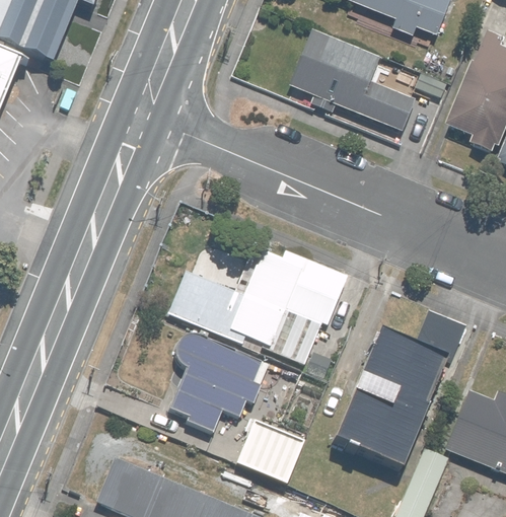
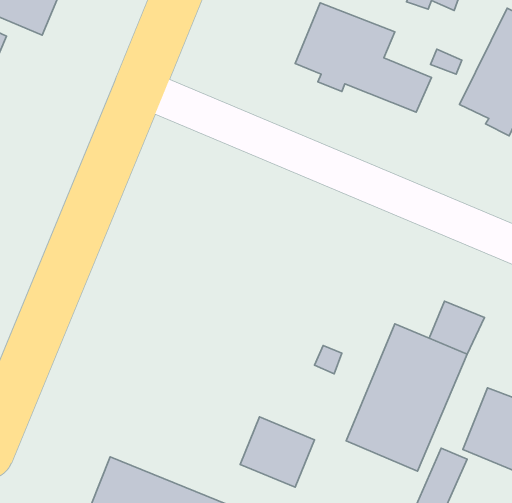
building: [169,249,348,363] -> none
building: [169,334,270,432] -> none

